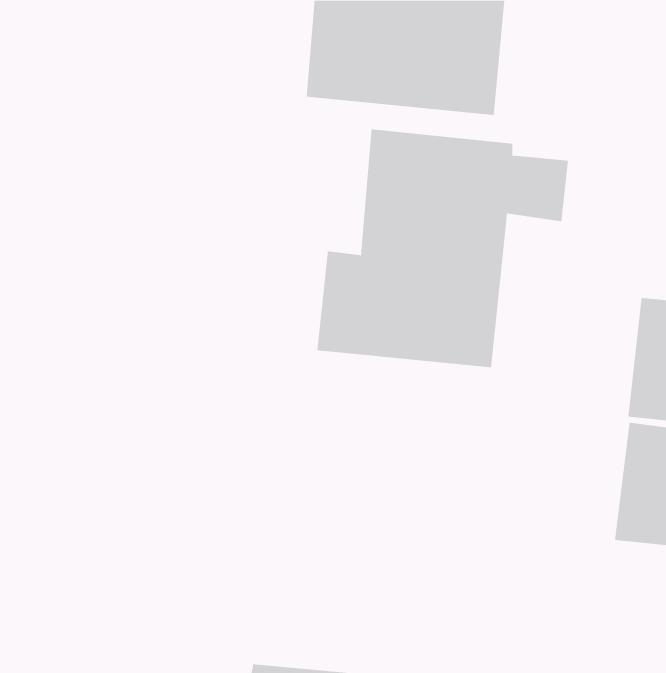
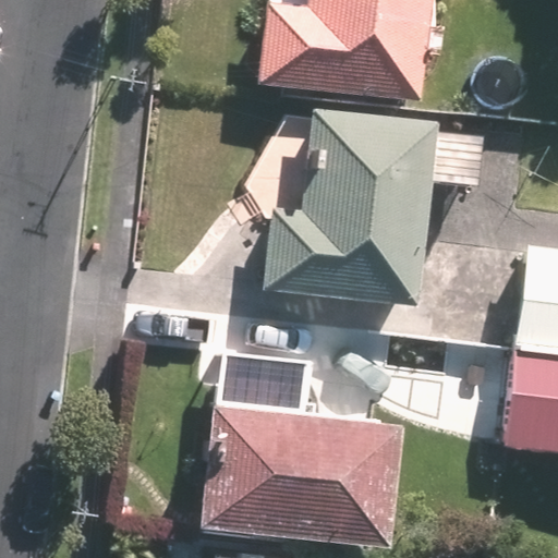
building: none -> [201,401,392,543]

